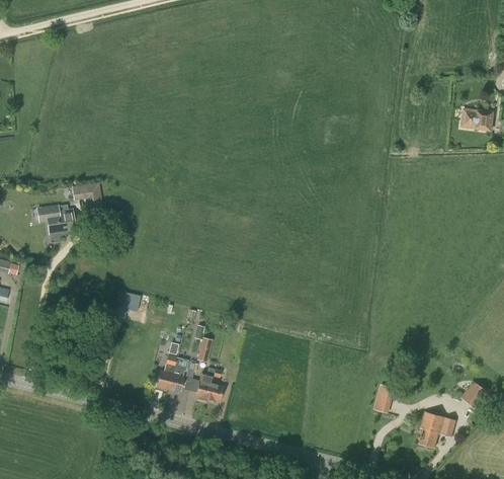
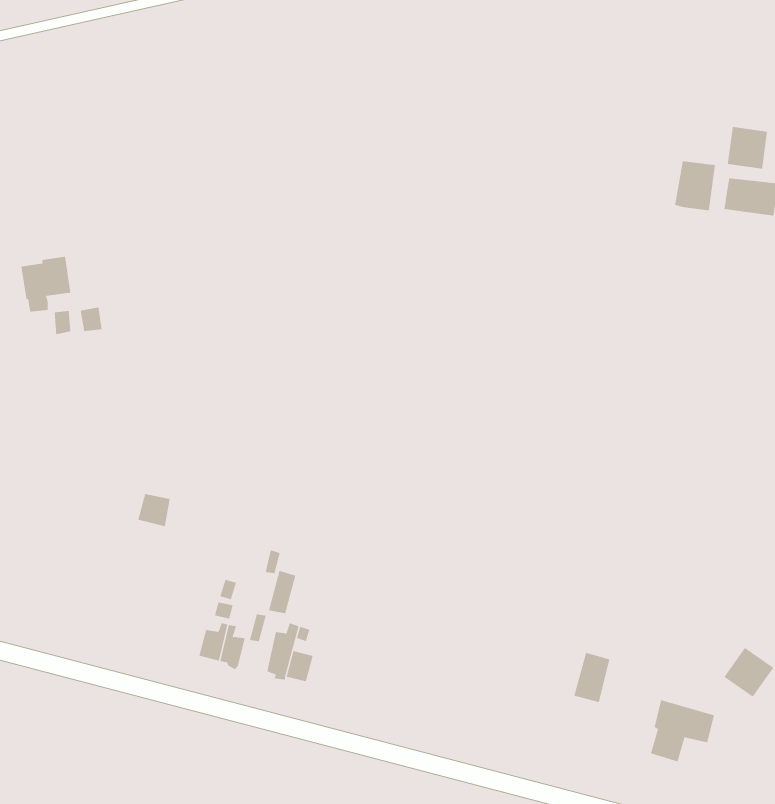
building: none -> [727,126,768,169]
building: none -> [675,161,715,211]
building: [45,209,74,241] -> [21,256,71,312]

